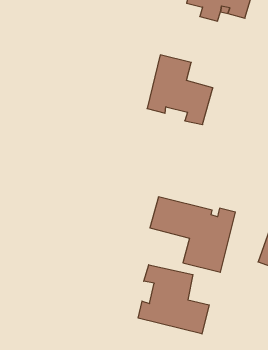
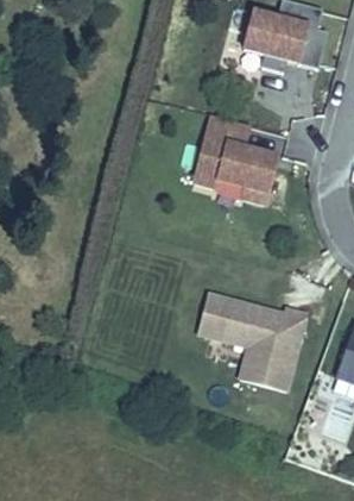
building: [138,265,209,334] -> none

